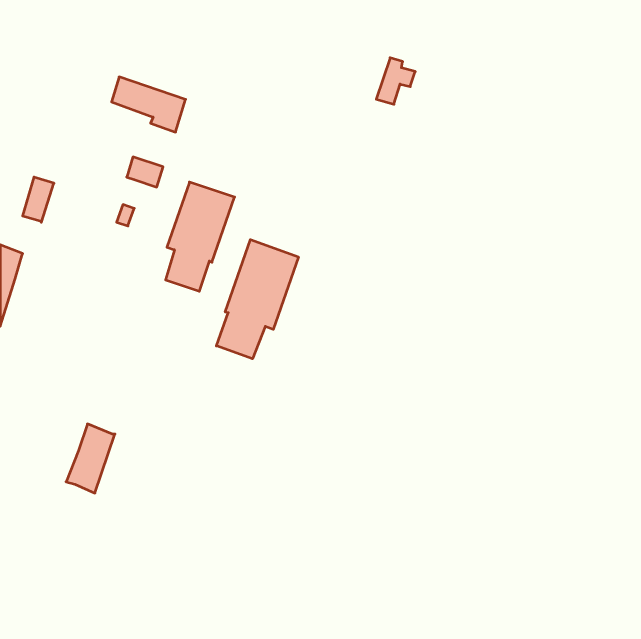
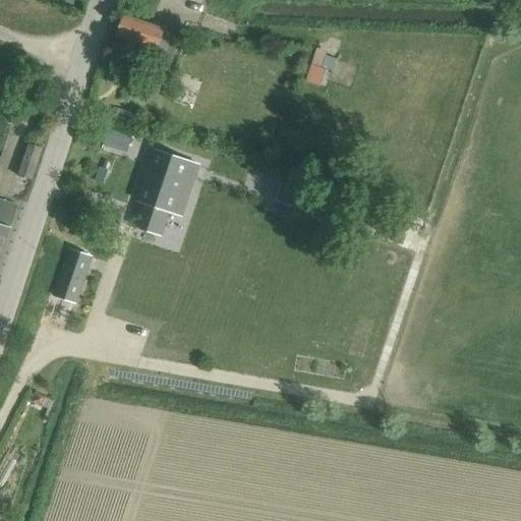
building: [112,77,186,132] -> [117,15,177,60]
building: [216,240,298,359] -> none
building: [66,424,115,493] -> [53,247,93,303]

